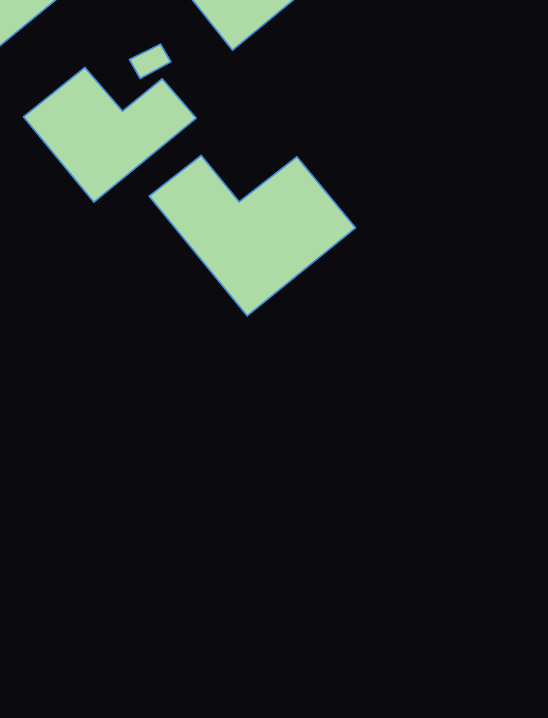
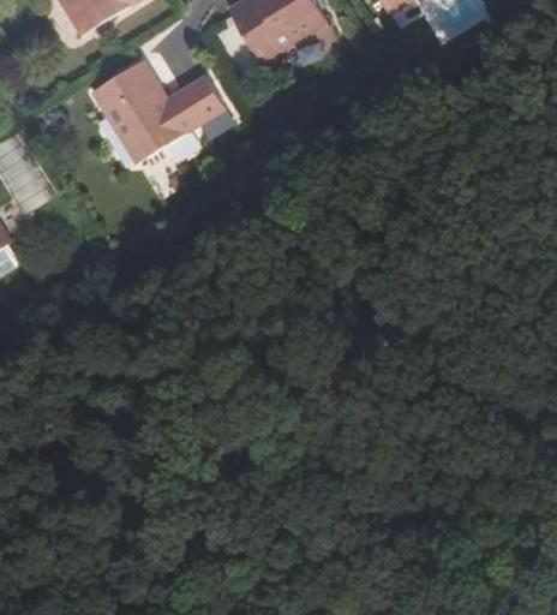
building: [149,156,356,316] -> none

